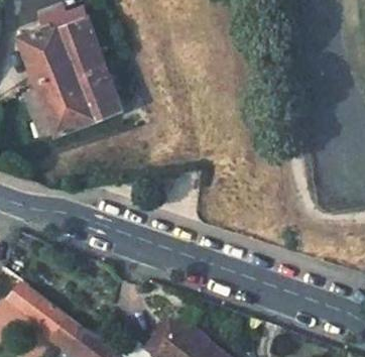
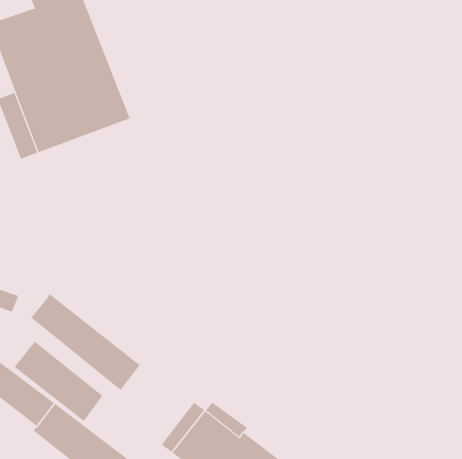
building: none -> [30,293,140,391]
building: none -> [14,341,103,422]

